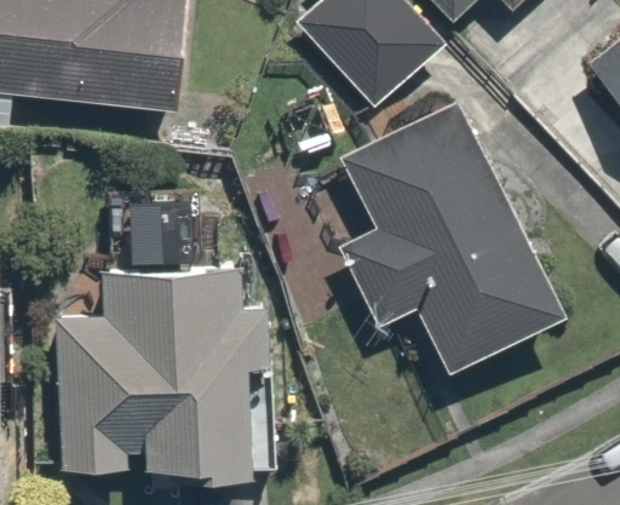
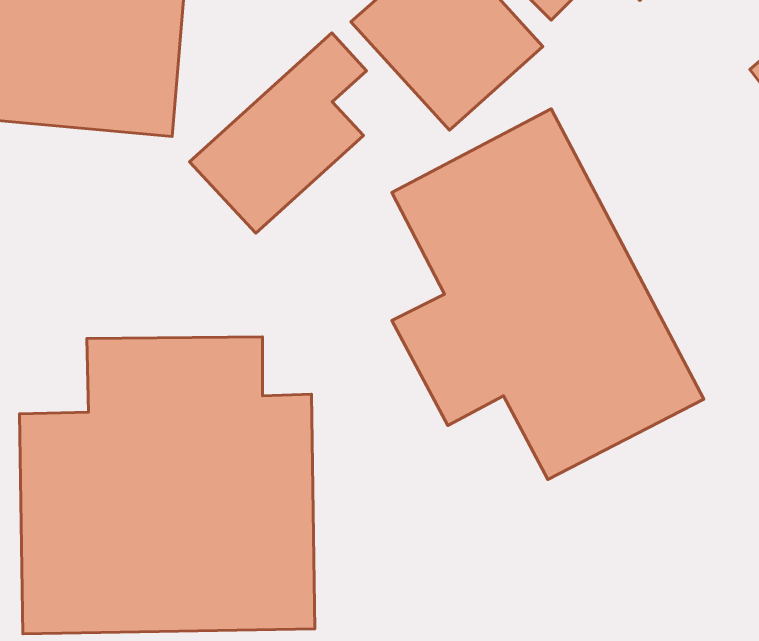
building: none -> [190,33,366,233]

